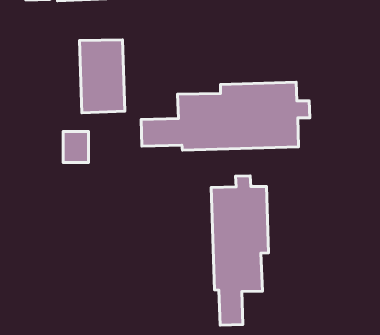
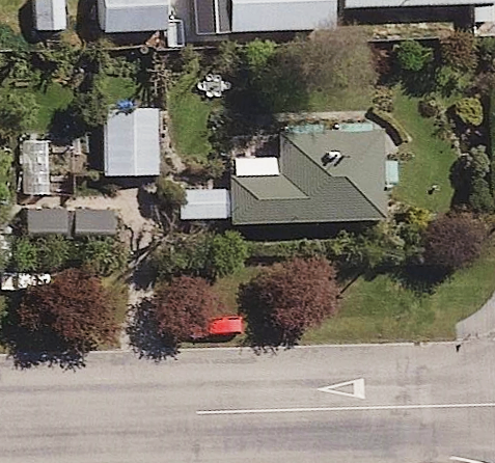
building: [211,176,268,325] -> none

